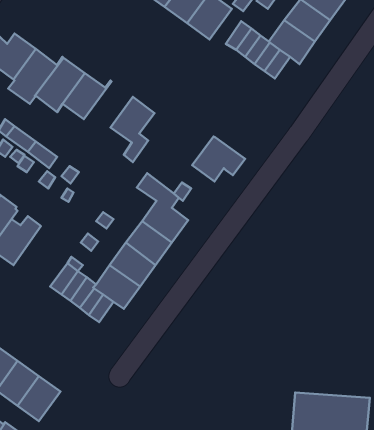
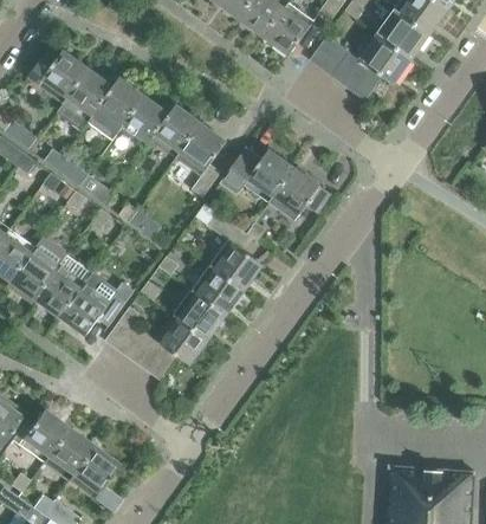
building: none -> [144,104,201,157]
building: none -> [220,145,294,201]
building: none -> [63,272,135,335]

